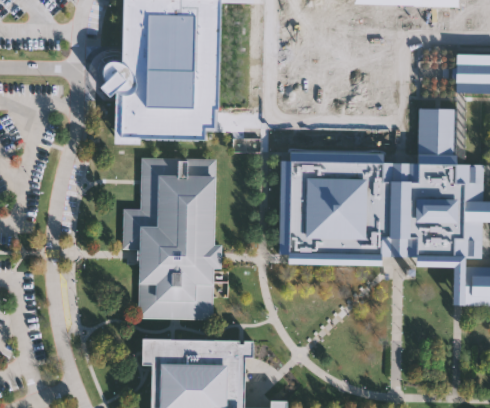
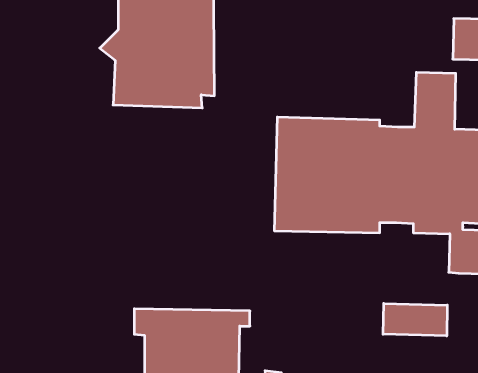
building: [123,158,222,318] -> none
building: none -> [383,303,447,336]

